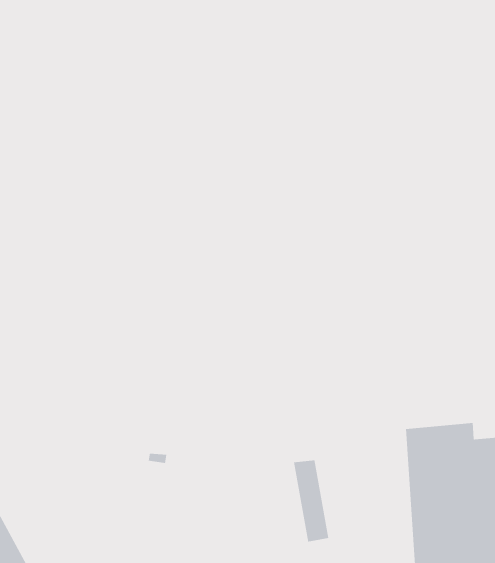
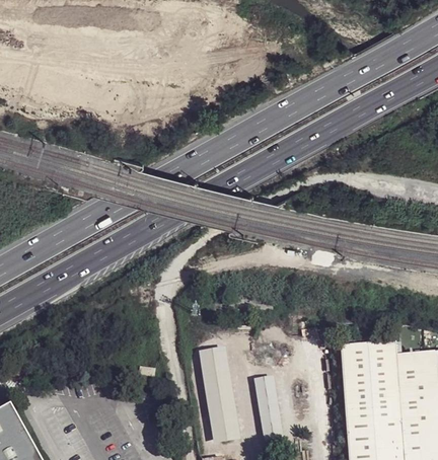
building: none -> [198,346,238,442]

